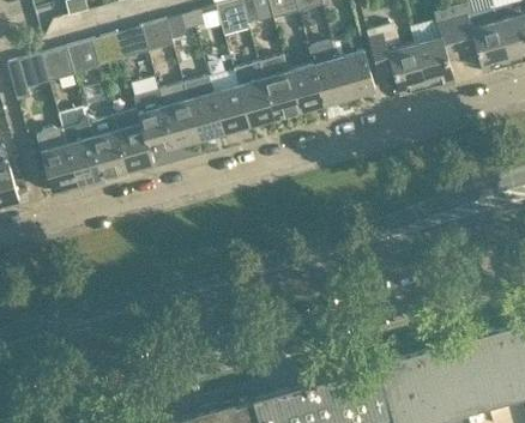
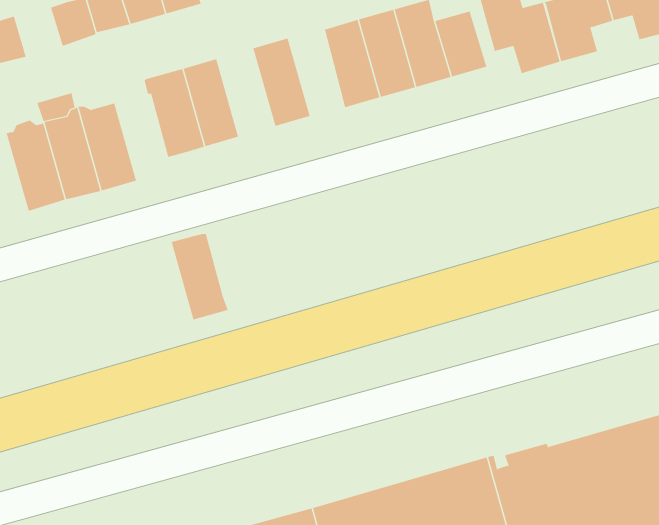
building: [42,47,76,81] -> none
building: [235,62,274,123] -> none
building: [185,75,225,138] -> none
building: [113,108,153,169] -> [171,233,229,320]

